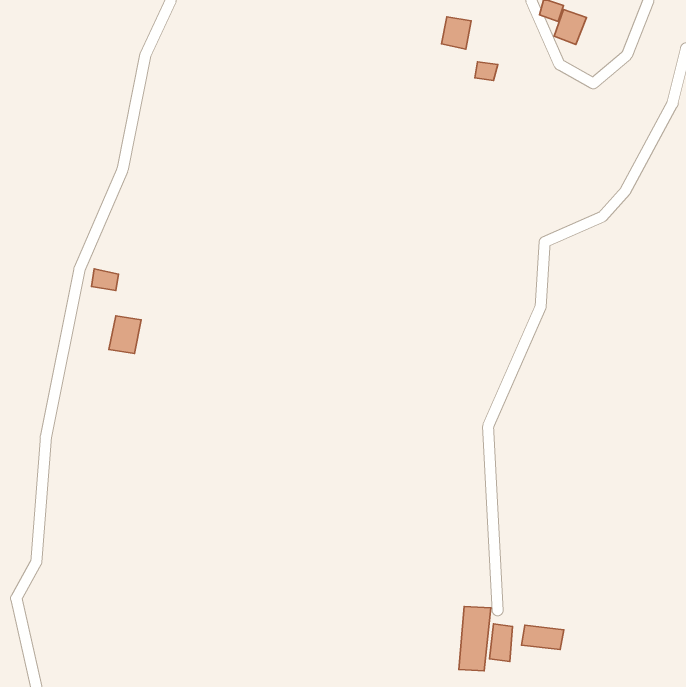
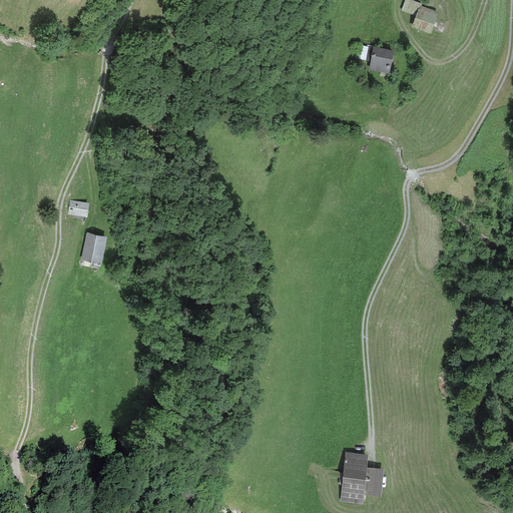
building: [441,17,471,49] -> [370,49,392,73]
building: [521,625,564,650] -> none

